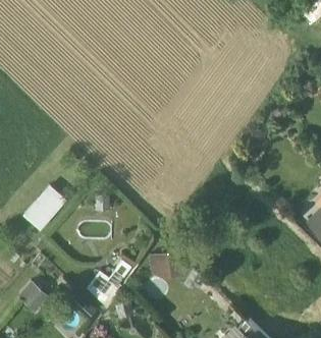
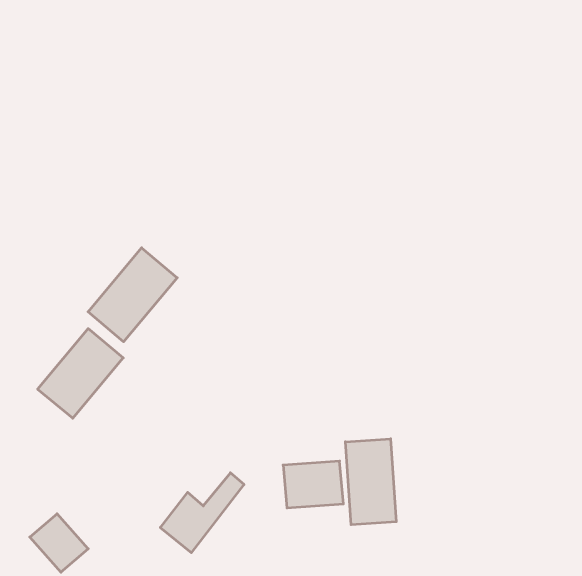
building: none -> [88,248,177,342]
building: none -> [345,439,396,525]

